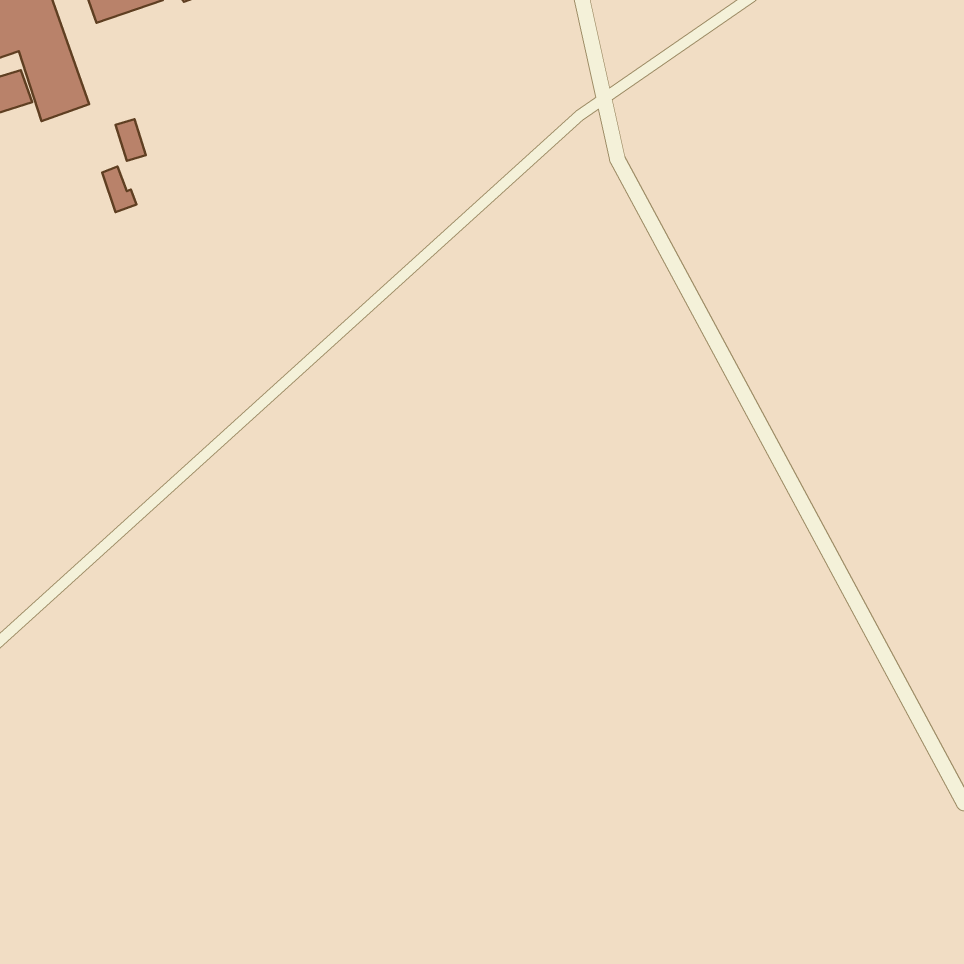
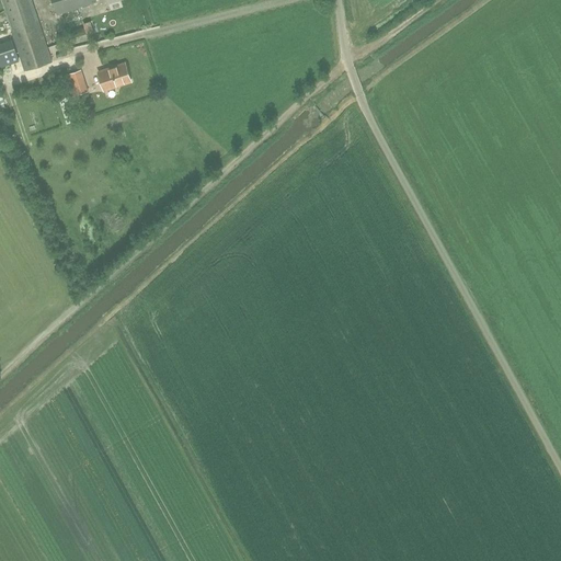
building: none -> [98,61,129,88]

